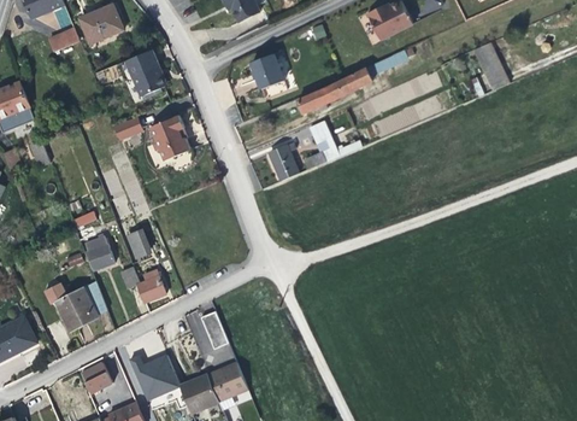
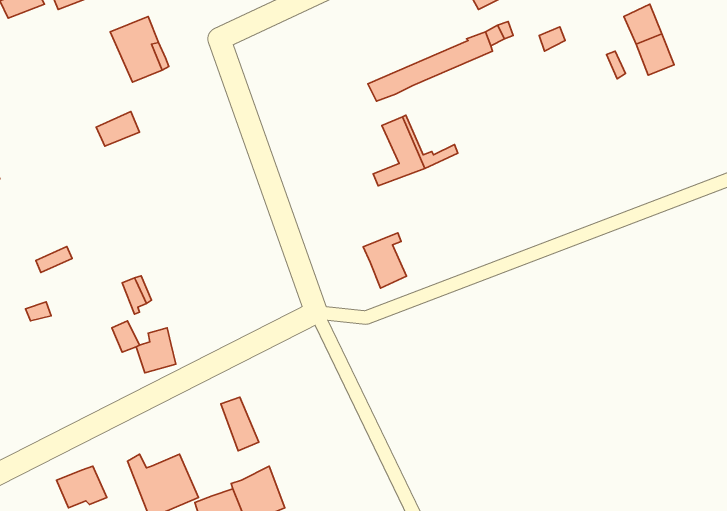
building: [255,52,288,87] -> none
building: [146,113,190,162] -> none
building: [270,141,300,180] -> [363,233,406,288]
building: [83,235,112,268] -> none
building: [57,279,106,327] -> none

